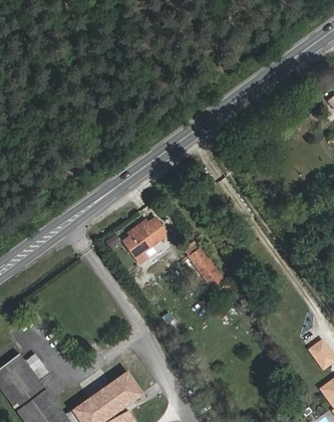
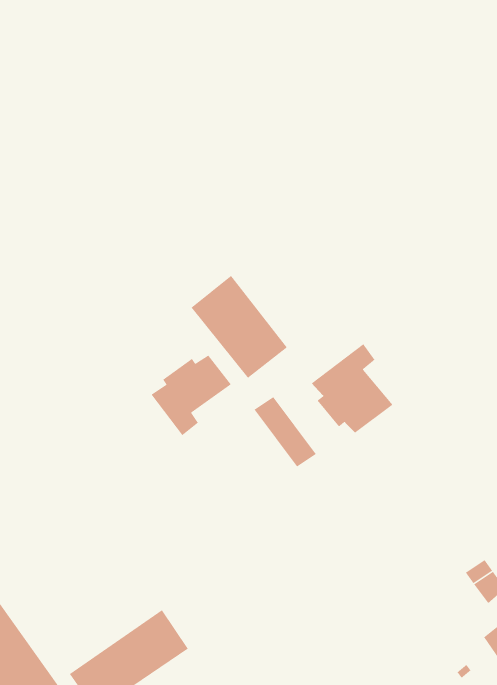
building: none -> [190,275,288,379]
building: none -> [311,343,394,433]

